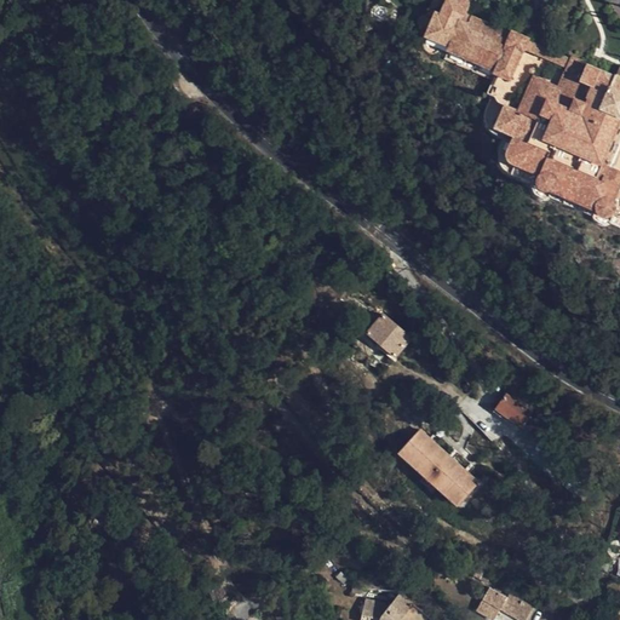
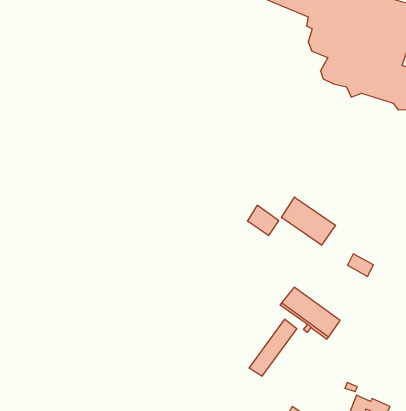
building: none -> [281,197,336,245]
building: none -> [249,319,297,376]

